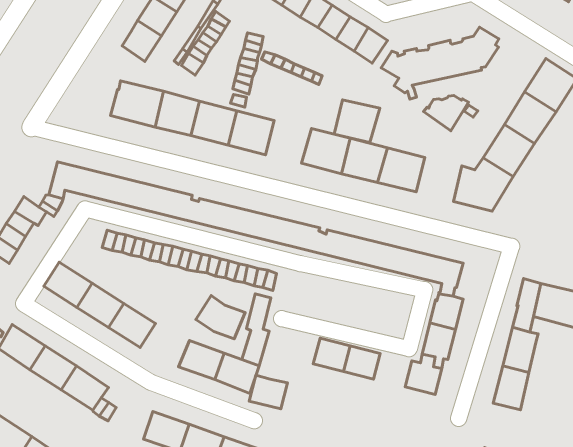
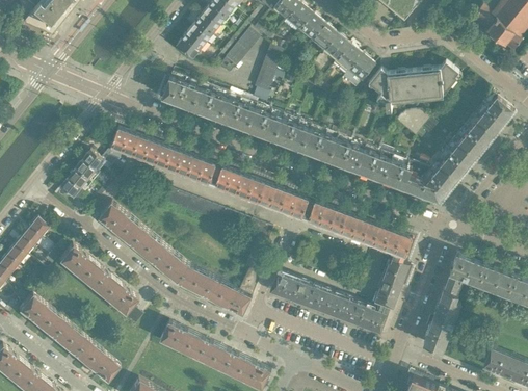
building: [334,100,380,143] -> [274,115,311,150]
building: none -> [384,156,420,191]
building: [196,295,245,339] -> [164,257,202,291]
building: none -> [336,298,366,325]
building: [249,375,287,409] -> [269,273,299,301]

